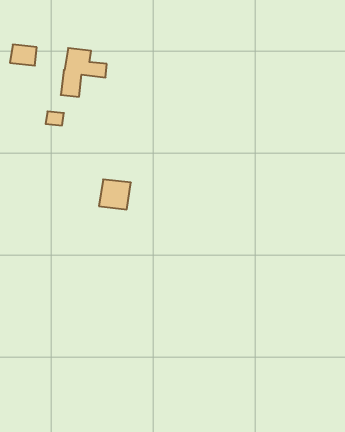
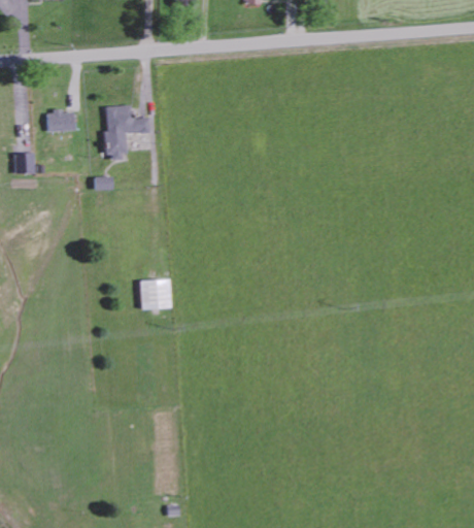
building: [99,179,131,209] -> [140,279,170,309]

